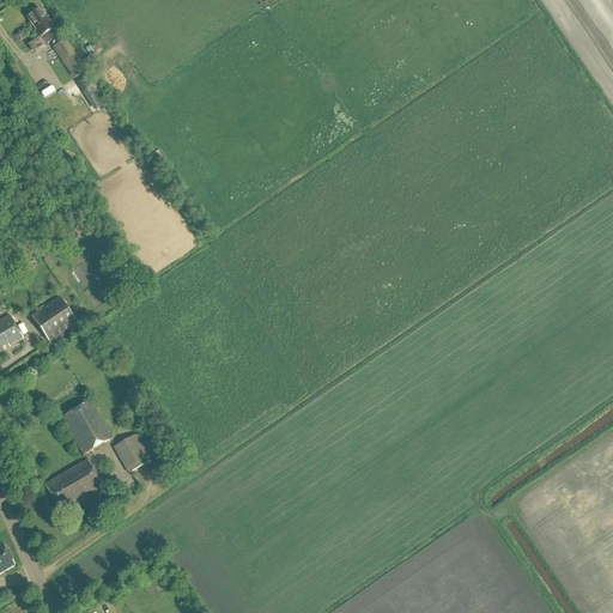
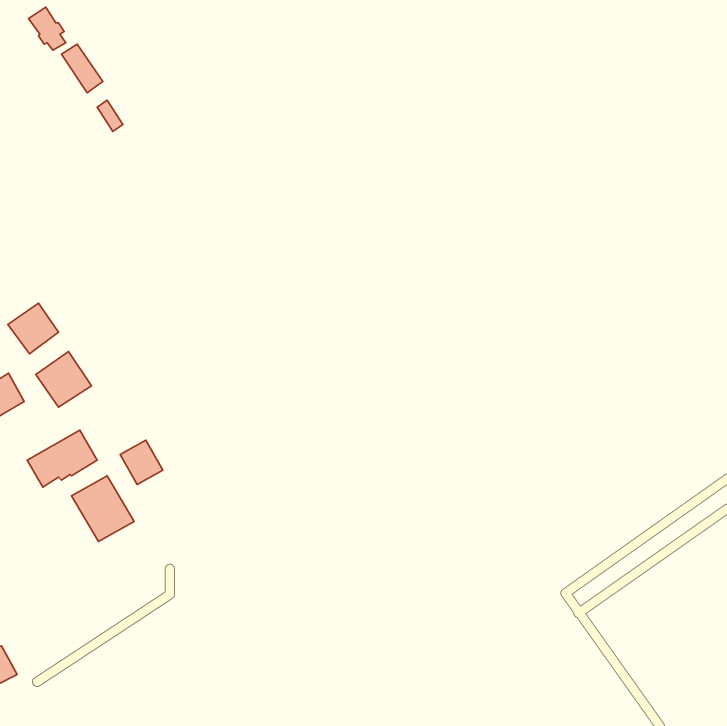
building: none -> [8,303,59,354]
building: [111,432,147,469] -> [120,440,163,484]
building: [42,459,101,506] -> [27,430,97,487]

